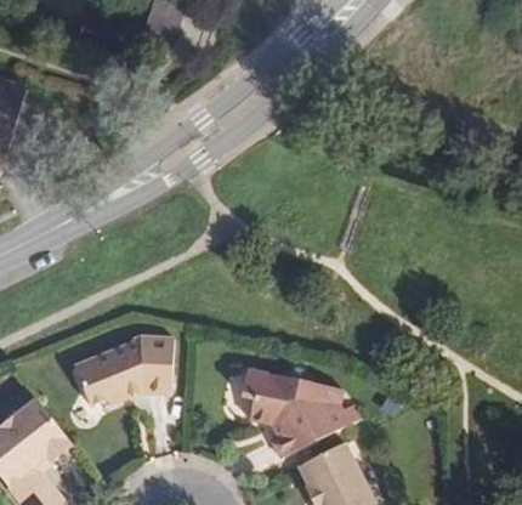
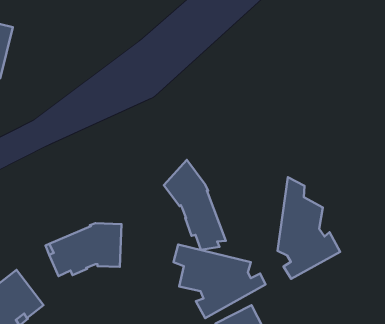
building: none -> [164,160,226,250]
building: none -> [278,177,340,279]

